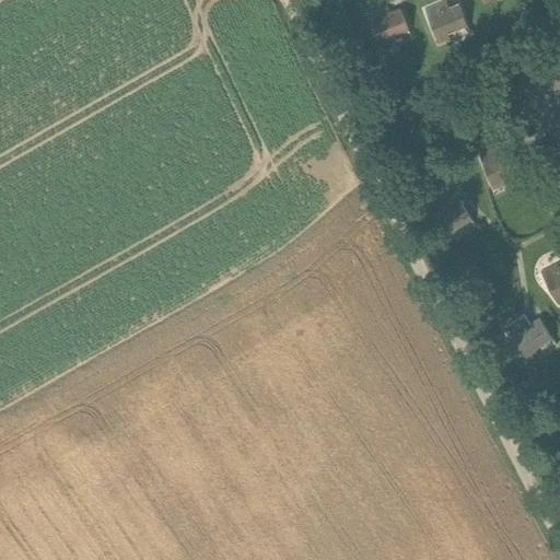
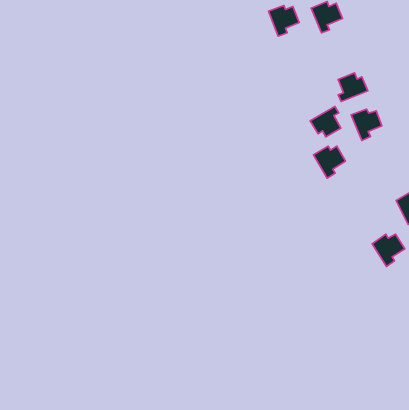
building: none -> [338,73,368,102]
building: none -> [310,107,341,137]

